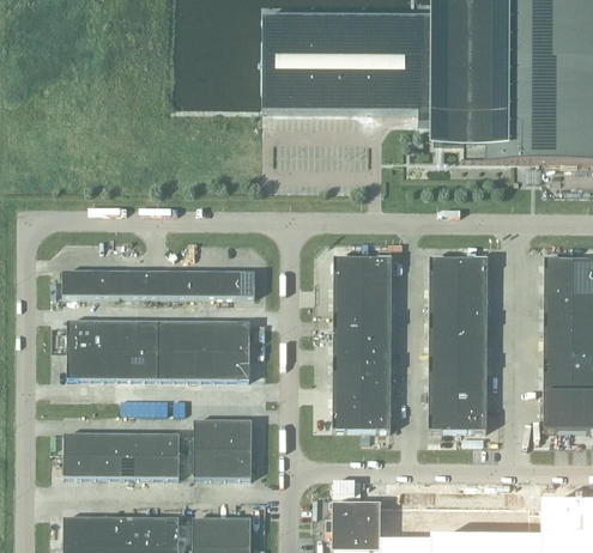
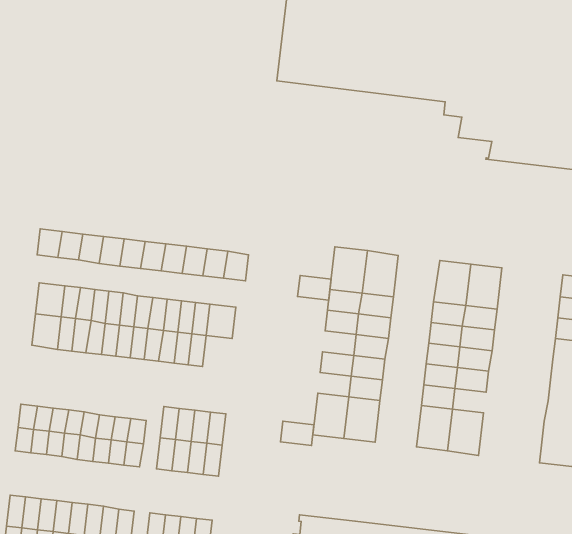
building: [333,333,362,352] -> [298,276,331,300]
building: [225,350,249,378] -> none
building: [333,371,362,390] -> [280,421,314,446]
building: [458,371,486,390] -> none

